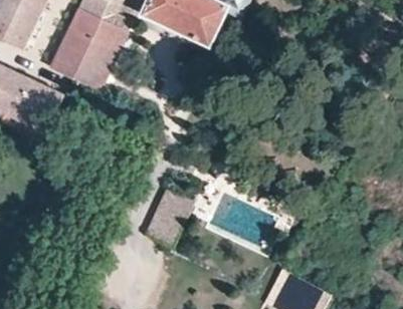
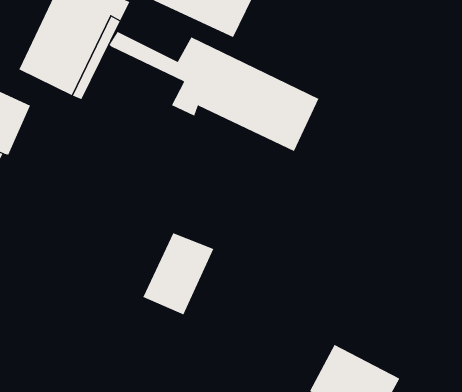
building: none -> [109,31,319,152]

